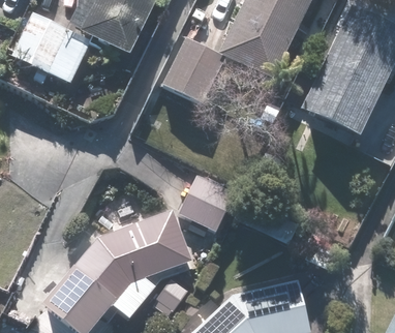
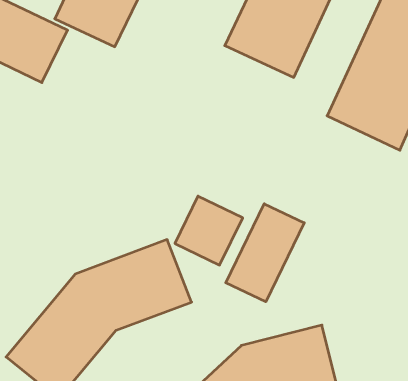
building: [161,37,224,104] -> none
building: none -> [226,204,304,302]

